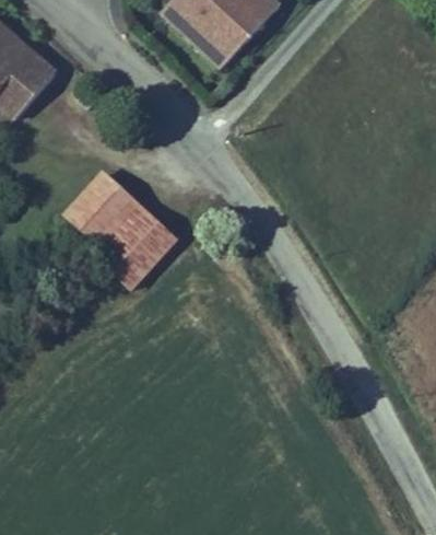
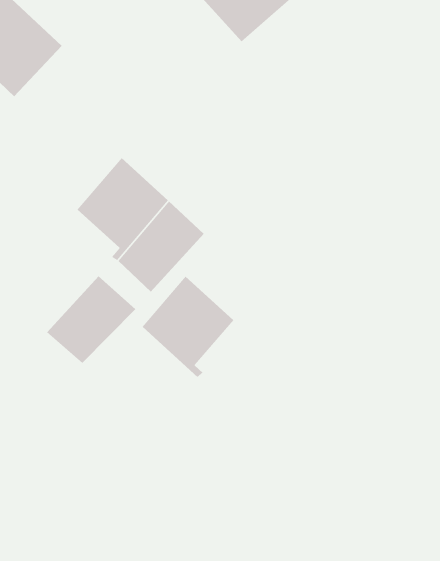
building: none -> [46,275,136,364]
building: none -> [142,276,234,378]

